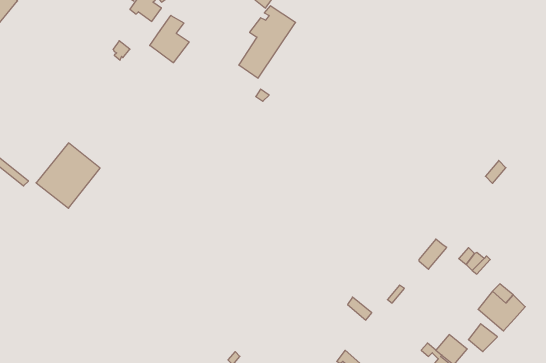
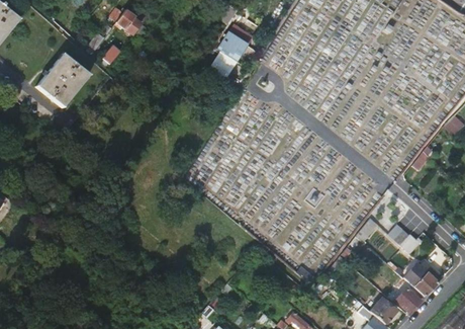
building: [150,15,189,63] -> none
building: [36,143,100,208] -> [36,54,90,108]

